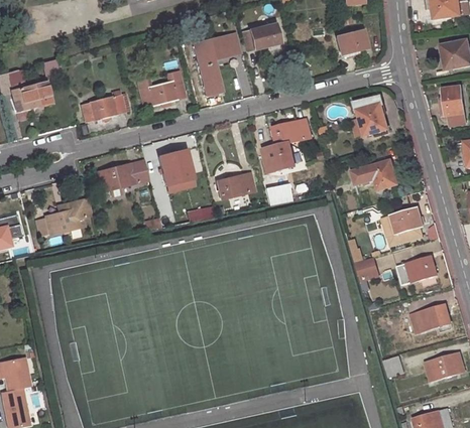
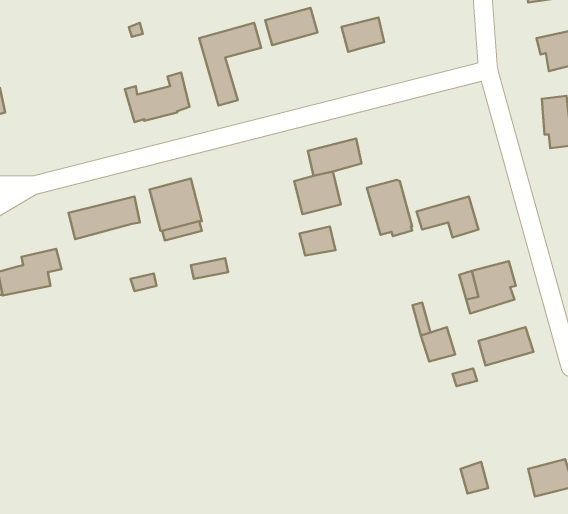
building: [335,28,366,53] -> [341,17,384,52]
building: [82,94,125,120] -> none
building: [355,94,388,135] -> [367,180,412,236]
building: [216,170,255,198] -> none
building: [412,304,452,332] -> none

